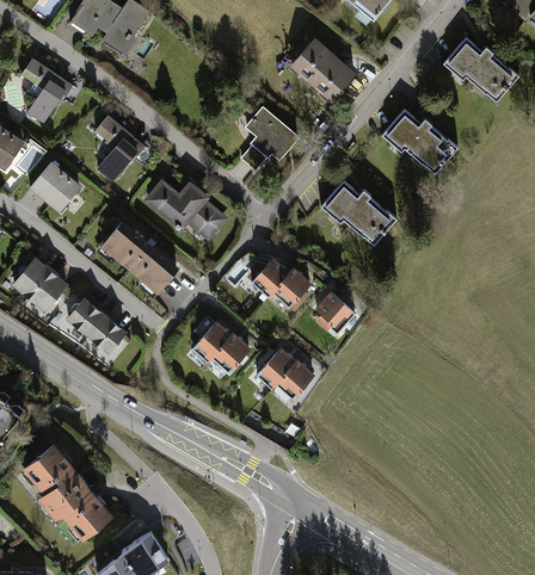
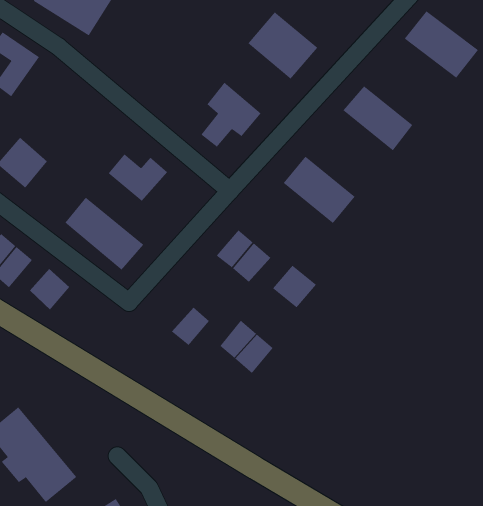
building: [96,113,147,184] -> none
building: [178,198,228,248] -> none
building: [85,315,127,357] -> none
building: [192,321,230,360] -> none

